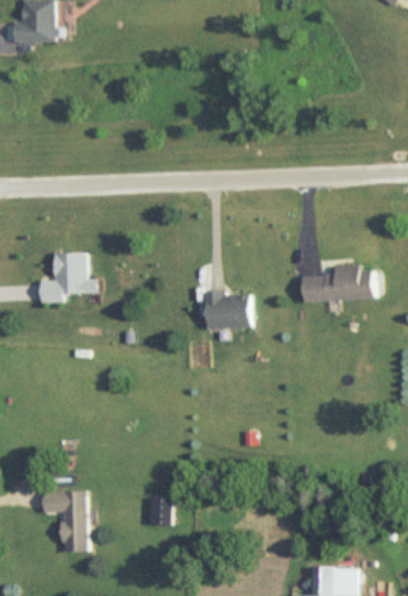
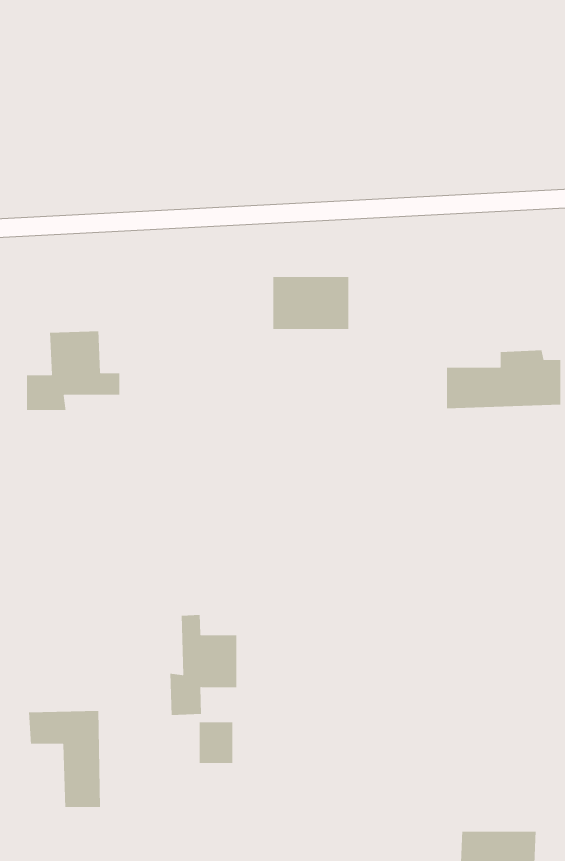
building: [202,294,250,327] -> [273,276,349,330]
building: none -> [169,614,237,716]

